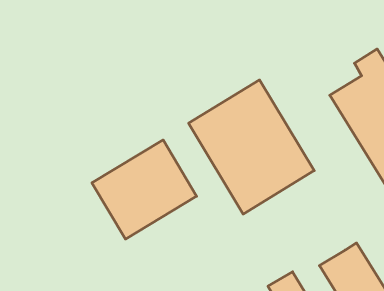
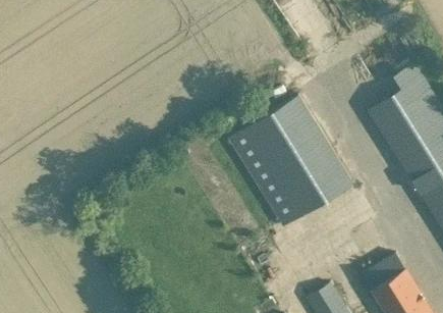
building: [92,140,197,239] -> none

